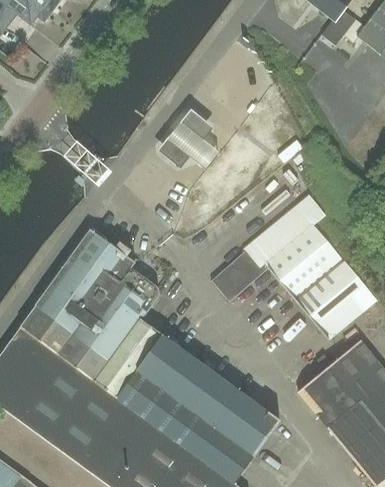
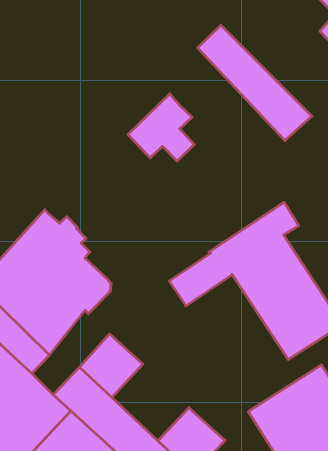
building: none -> [198,25,312,141]
building: [95,317,162,398] -> none
building: [171,360,243,429] -> none

